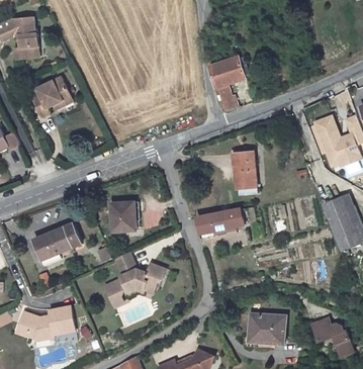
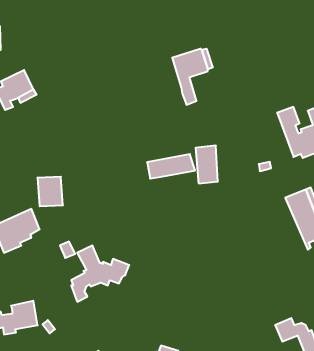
building: [111,202,137,232] -> [37,177,63,206]
building: [195,210,243,235] -> [147,154,195,179]
building: [247,313,282,344] -> none

